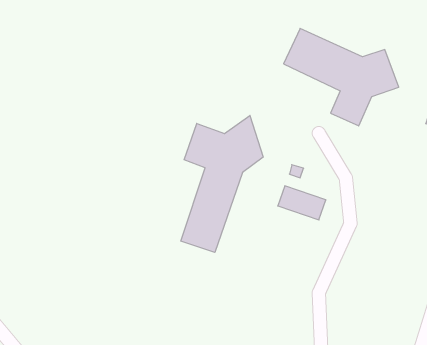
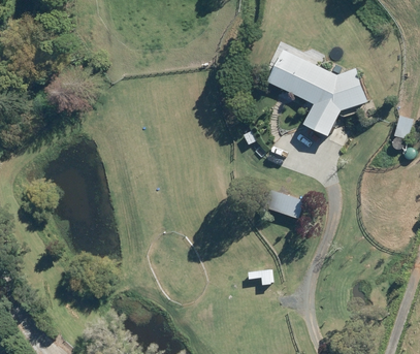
building: [181,115,263,252] -> none

